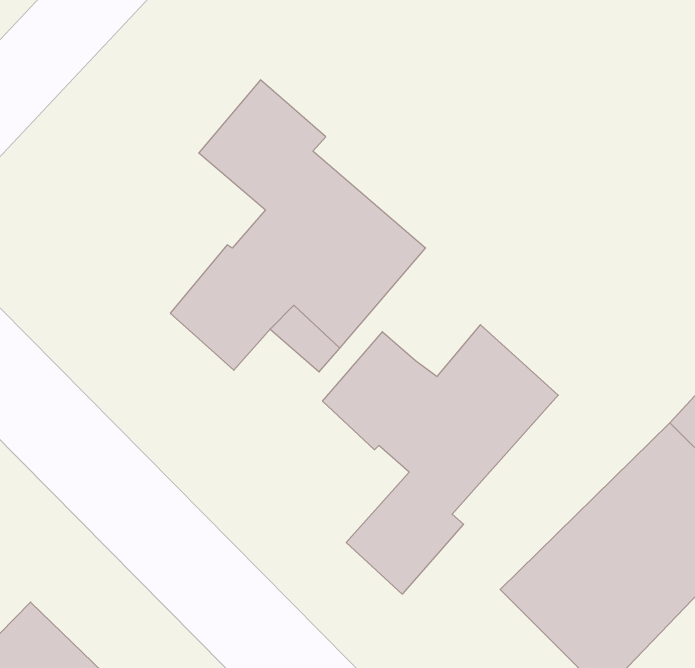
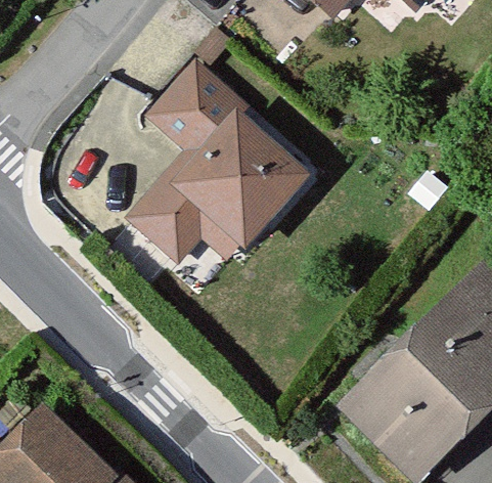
building: [323,325,558,594] -> none

